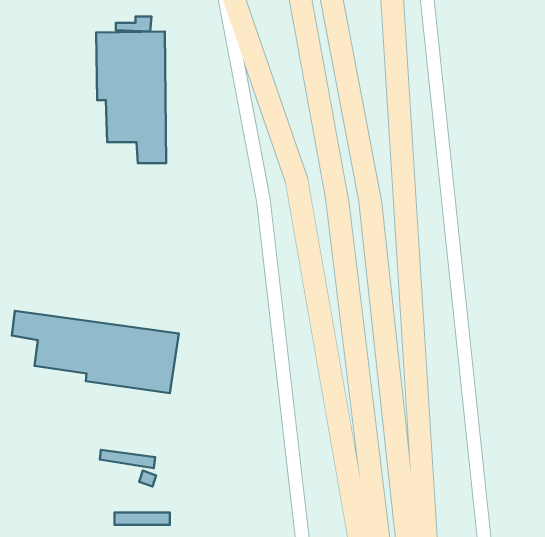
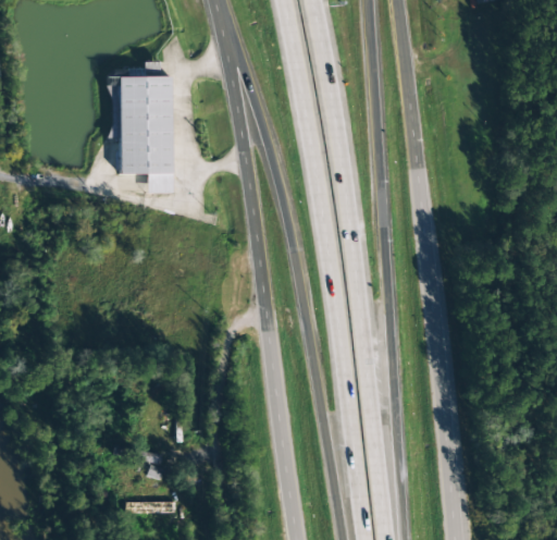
building: [12,311,179,393] -> none

